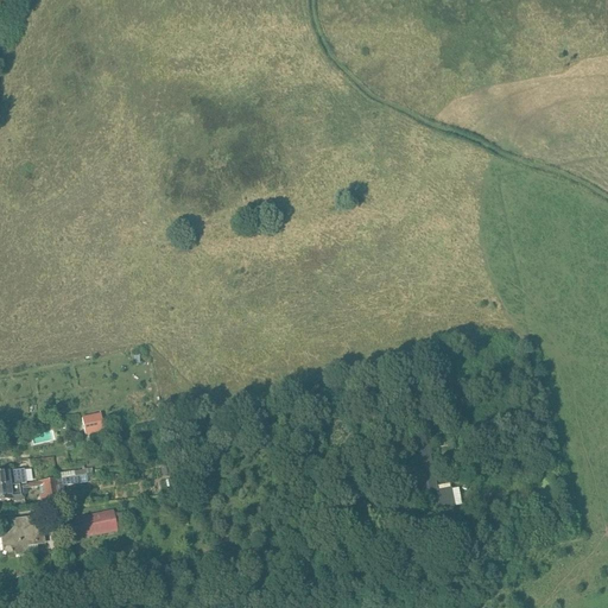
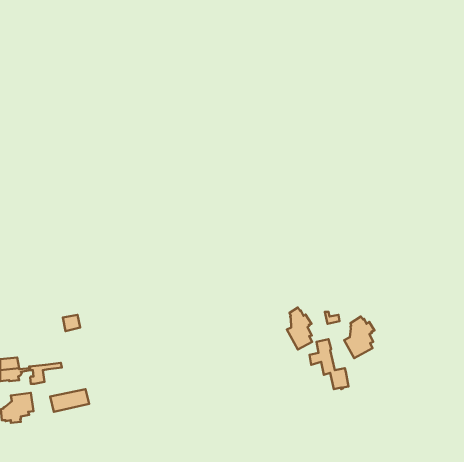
building: none -> [287,308,312,349]
building: none -> [344,316,375,358]

